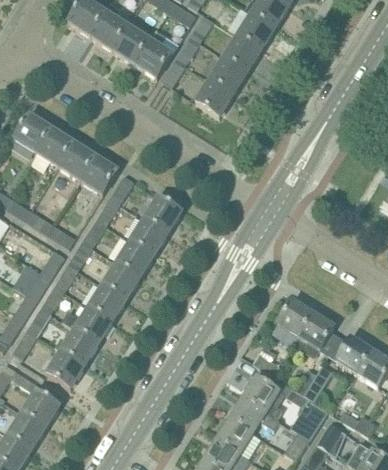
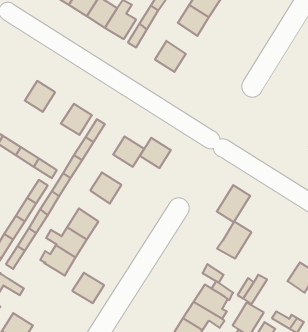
building: [203,51,247,94] -> none
building: [14,113,51,151] -> none
building: [58,141,96,179] -> none
building: [130,217,168,254] -> [140,138,171,168]
building: [102,261,140,299] -> none
building: [293,312,334,357] -> [217,185,250,222]
building: [336,335,372,372] -> none
building: [46,350,85,387] -> [72,273,104,303]
building: [22,389,60,426] -> none

